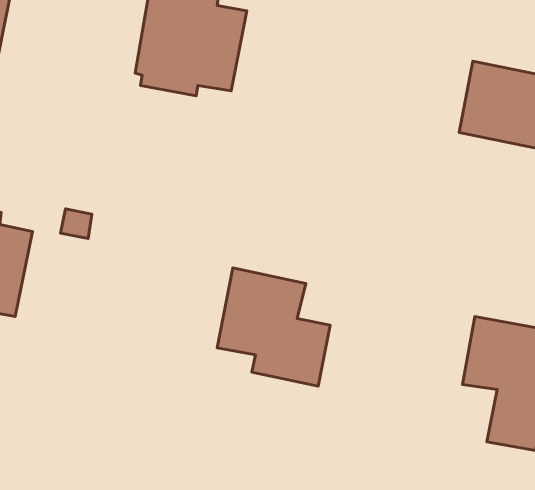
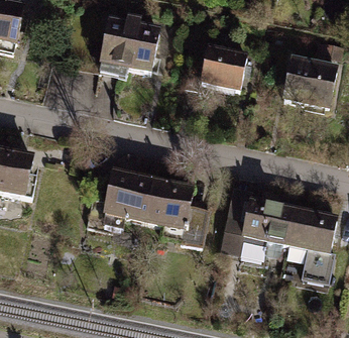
building: none -> [202,45,252,90]
building: none -> [101,170,153,229]
building: none -> [219,199,294,259]

